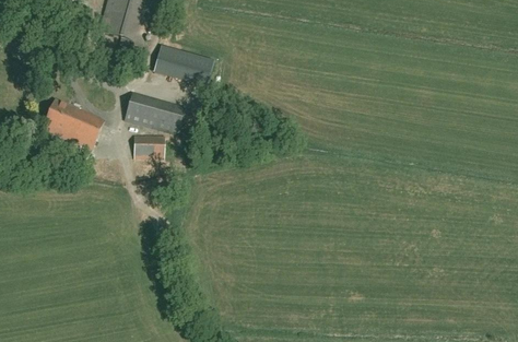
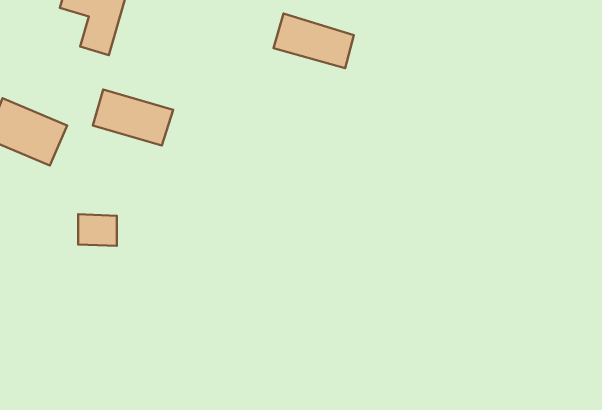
building: [153,44,214,85] -> [273,14,354,68]
building: [133,133,163,157] -> [78,214,117,246]

